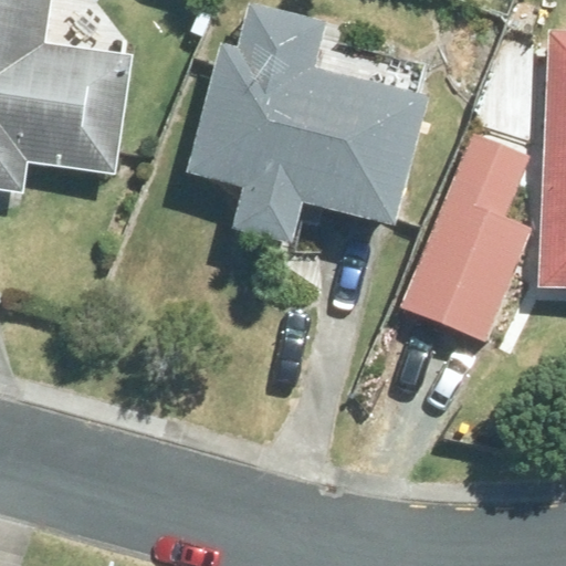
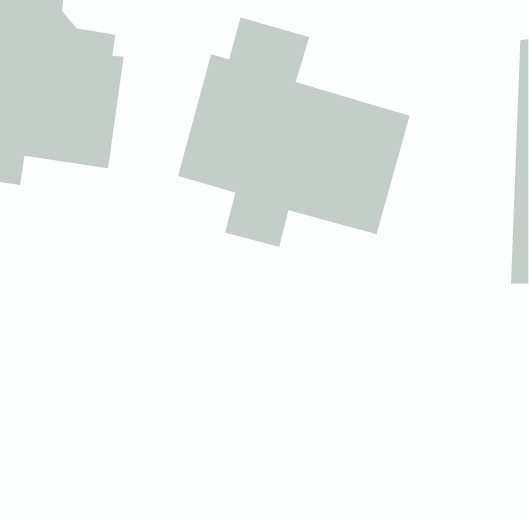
building: [401,138,532,345] -> none

